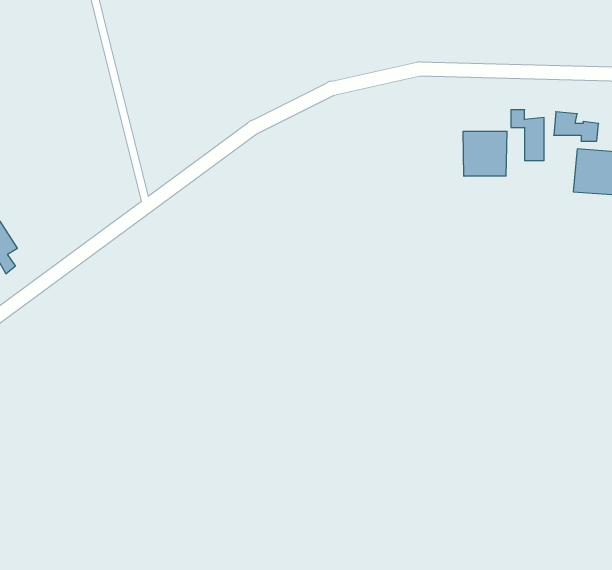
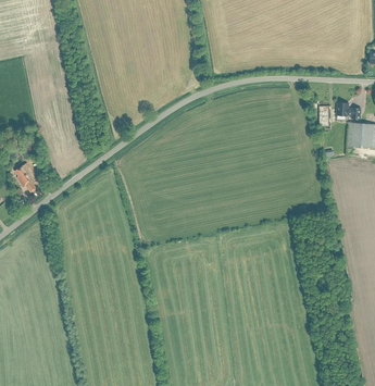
building: [463,131,507,176] -> none

